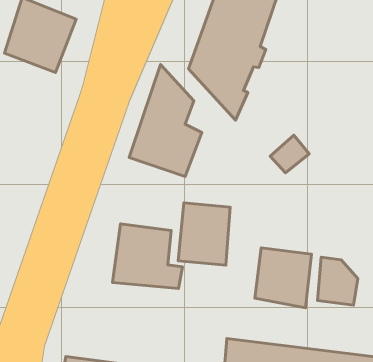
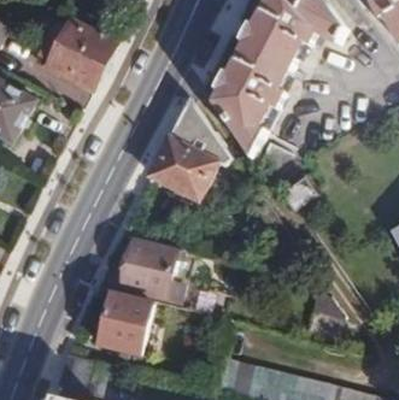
building: [178,203,230,265] -> [96,290,151,353]
building: [255,248,311,308] -> none

